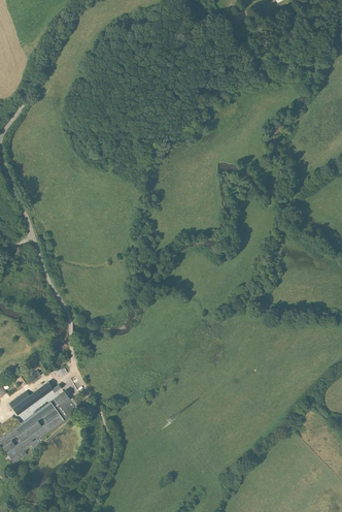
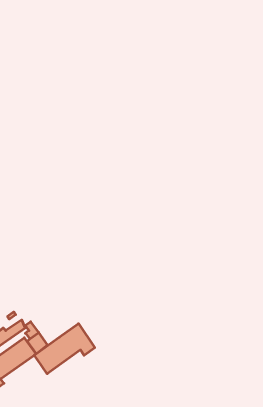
building: none -> [34,324,95,374]

